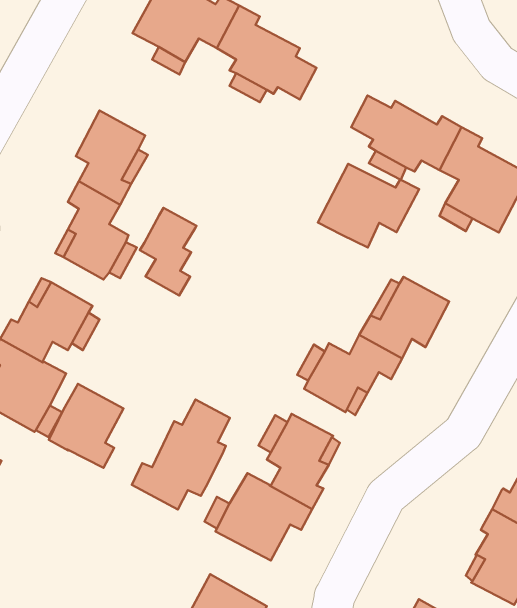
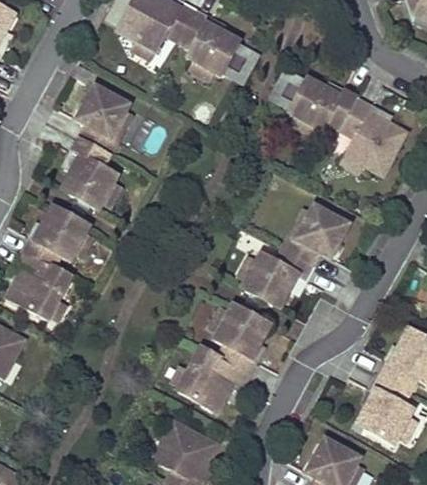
building: [318,164,419,248] -> none
building: [140,208,197,295] -> none
building: [49,384,123,468] -> none
building: [132,400,230,510] -> none

